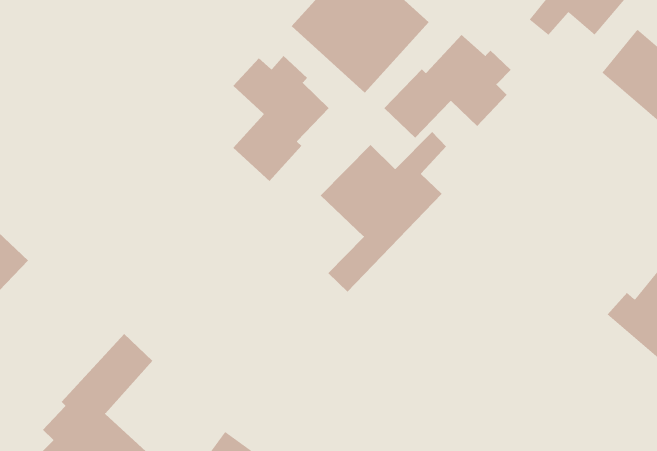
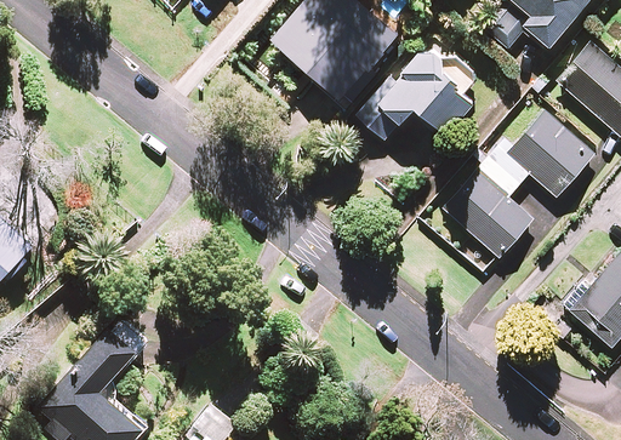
building: [232,55,329,182] -> none
building: none -> [443,112,594,258]
building: [320,131,447,292] -> none

